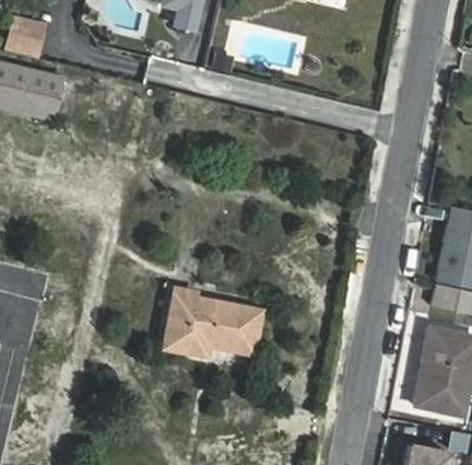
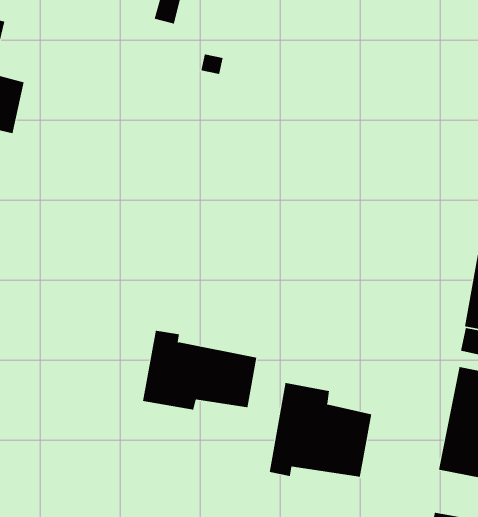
building: none -> [269,382,372,478]

